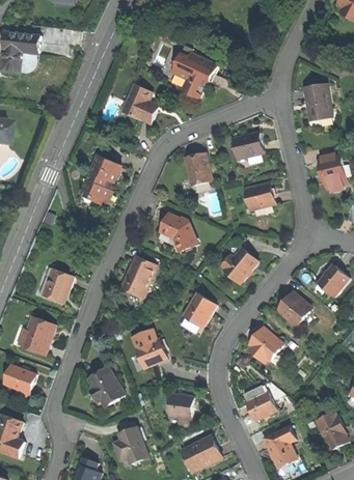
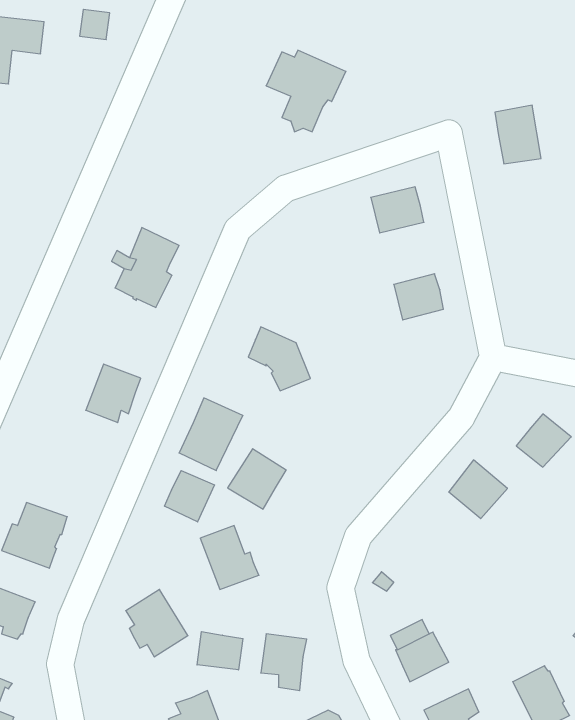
building: [121,84,159,123] -> none
building: [317,151,346,191] -> none
building: [184,152,211,185] -> none
building: [220,248,256,283] -> none
building: [40,267,73,302] -> [86,364,141,423]
building: [181,292,215,328] -> [228,449,286,509]
building: none -> [165,471,214,522]
building: [248,328,282,362] -> none
building: none -> [197,632,243,670]

